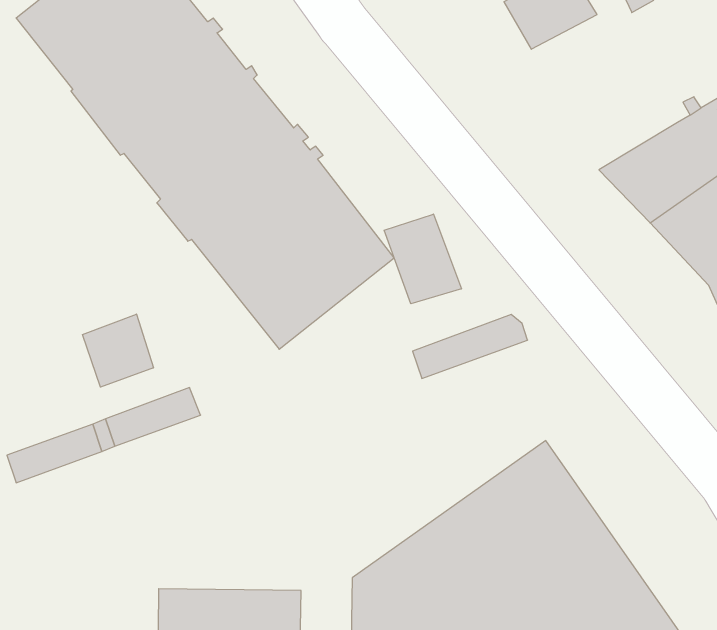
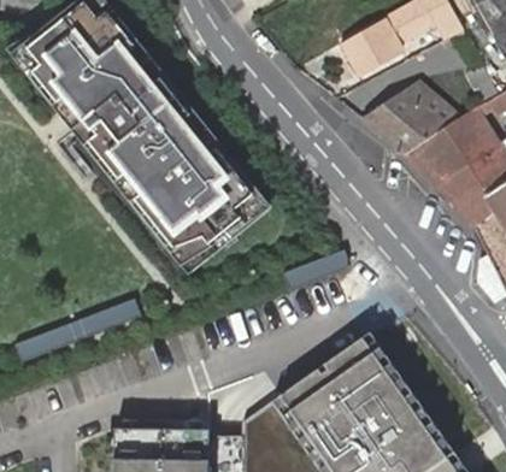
building: none -> [361,85,455,153]
building: [384,214,461,304] -> none
building: [83,314,153,387] -> none

